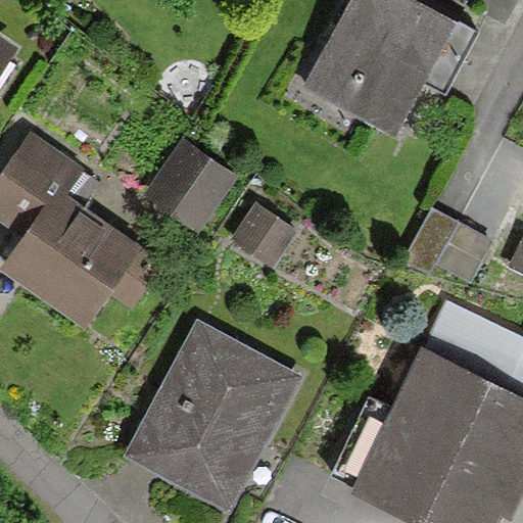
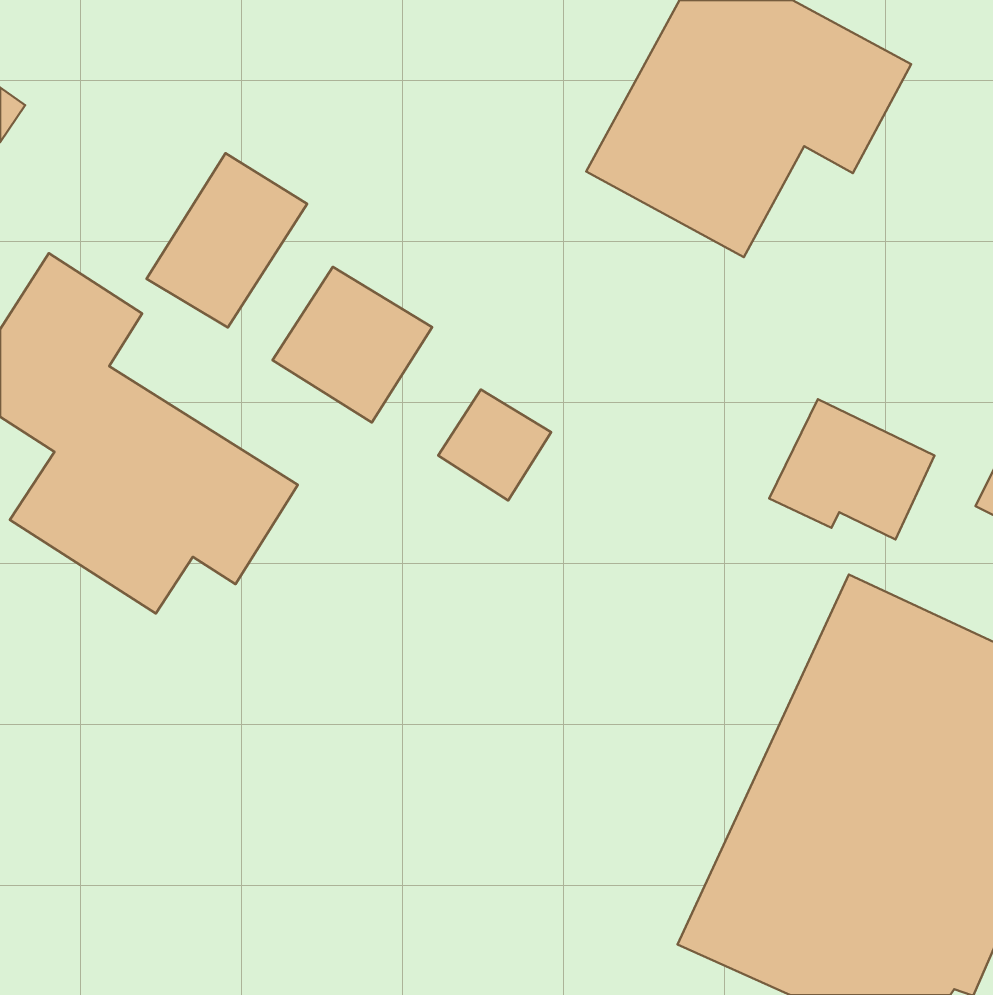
building: none -> [147,153,307,328]
building: [126,322,293,506] -> none

